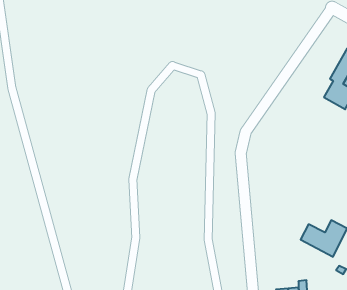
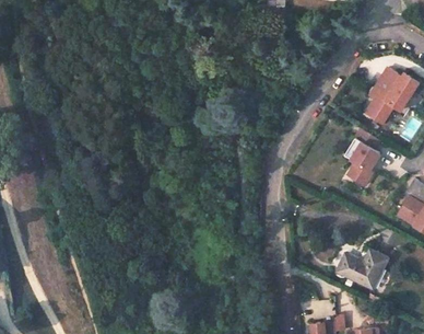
building: none -> [343,142,378,188]

